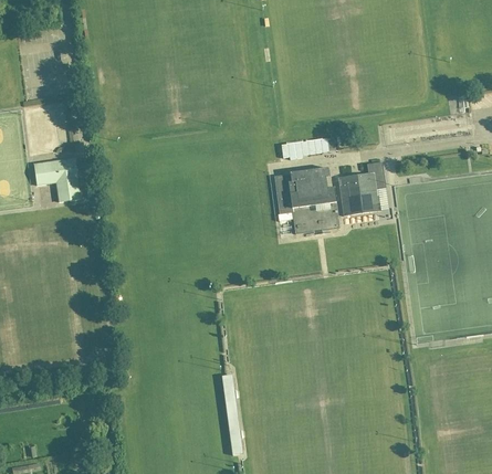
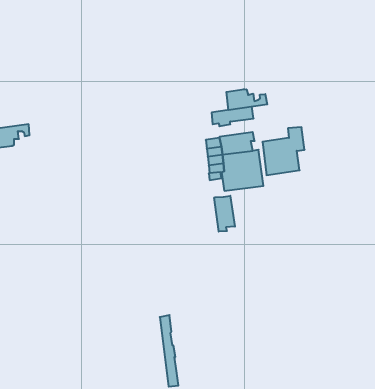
building: none -> [226,89,267,110]
building: [54,166,78,202] -> none
building: none -> [214,196,235,232]

